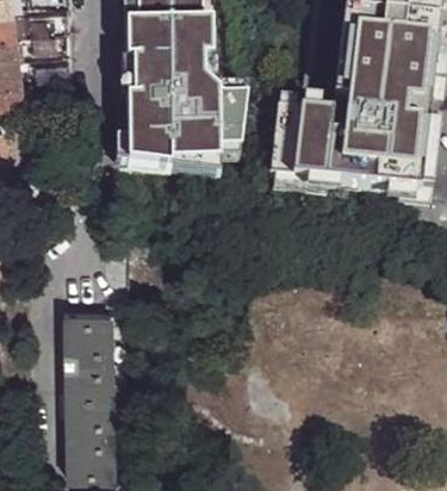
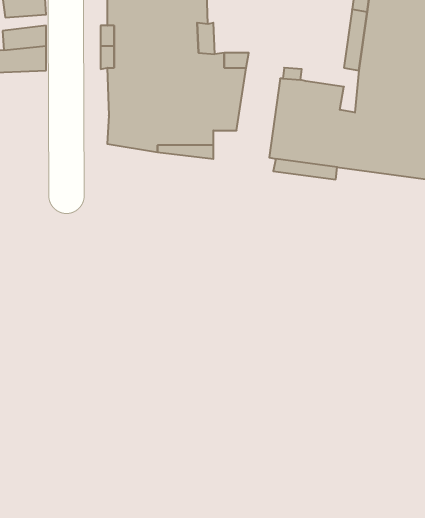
building: [66,305,116,473] -> none

